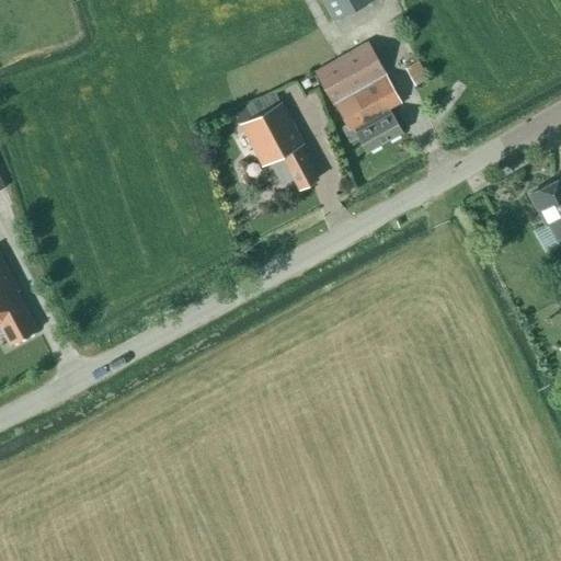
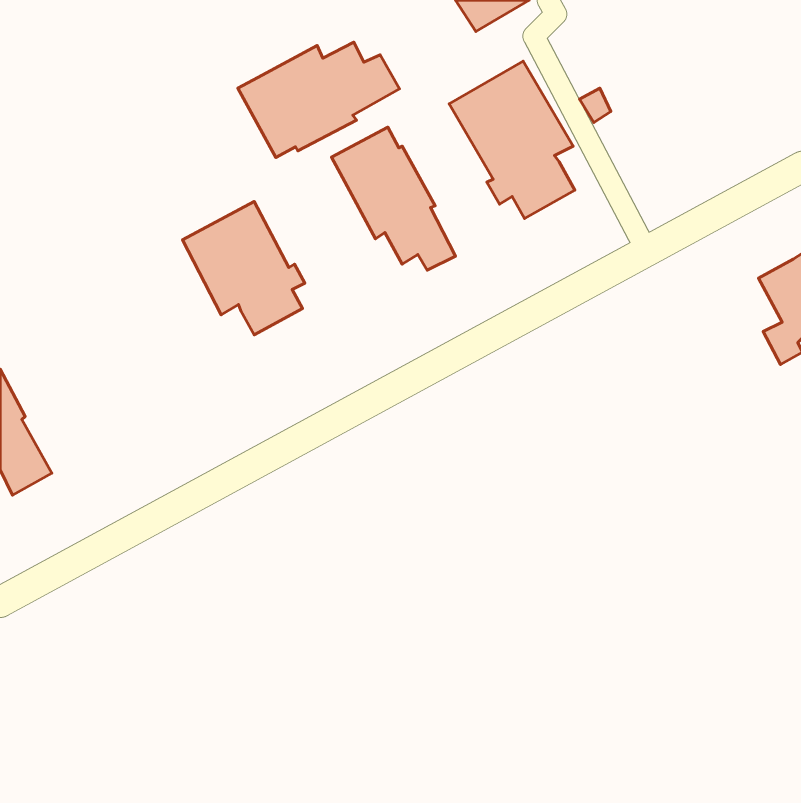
building: none -> [238,42,399,158]
building: none -> [183,202,305,335]

